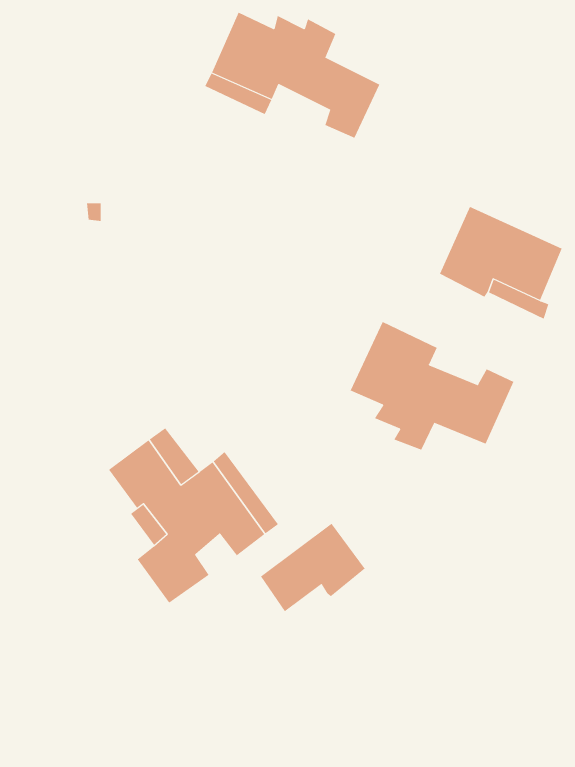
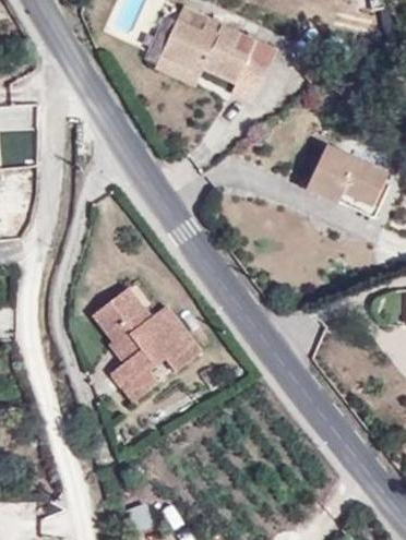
building: [350,321,514,450] -> none
building: [260,523,366,612] -> none

